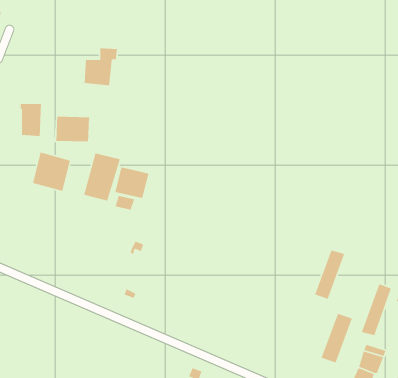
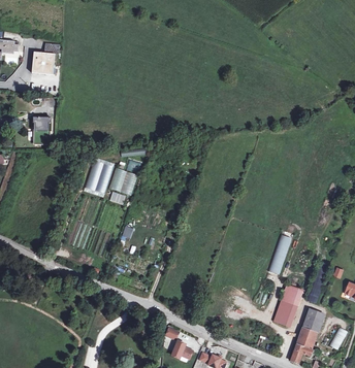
building: [84,47,118,86] -> [32,43,59,74]
building: [56,116,90,142] -> none
building: [32,152,71,192] -> none

